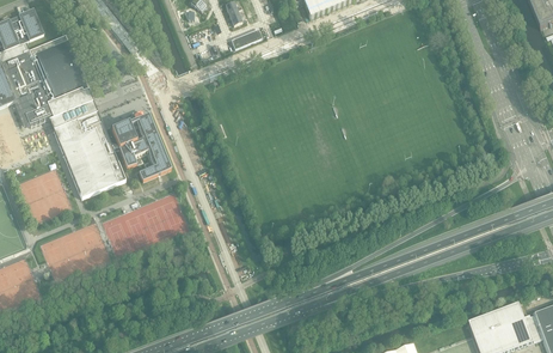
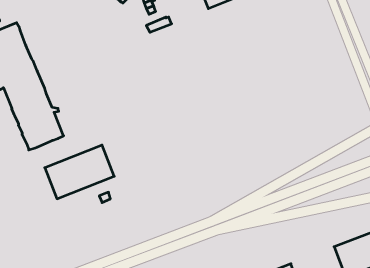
building: [110,115,170,181] -> none

